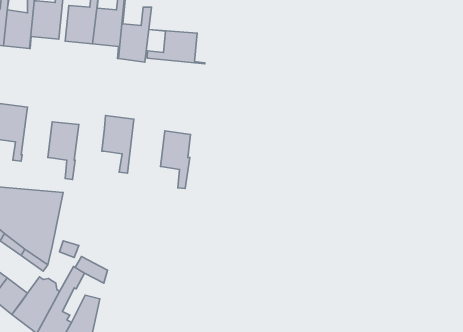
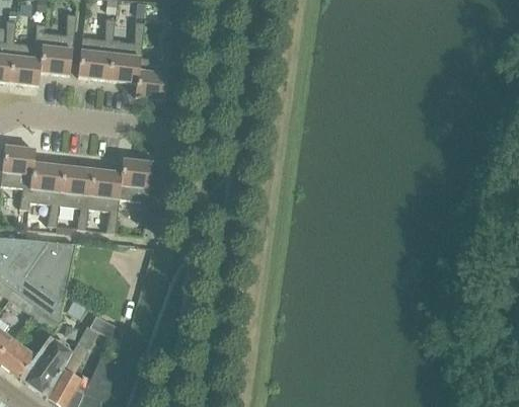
building: [147,30,205,64] -> none
building: none -> [27,162,62,226]
building: [160,131,191,189] -> [86,168,120,232]

